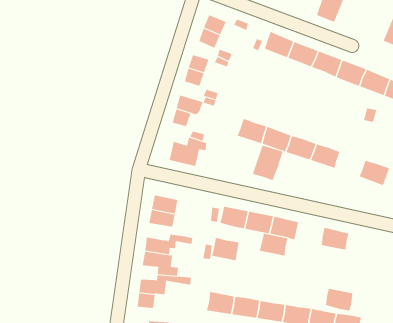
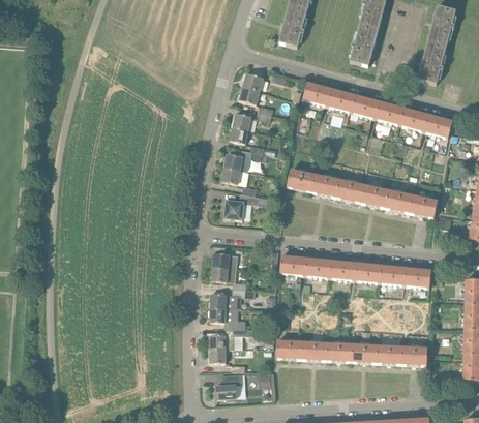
building: [252,145,283,181] -> none
building: none -> [385,190,413,212]
building: [259,233,288,256] -> [354,263,381,282]
building: [211,237,239,261] -> none
building: [325,288,353,311] -> [405,268,430,288]

